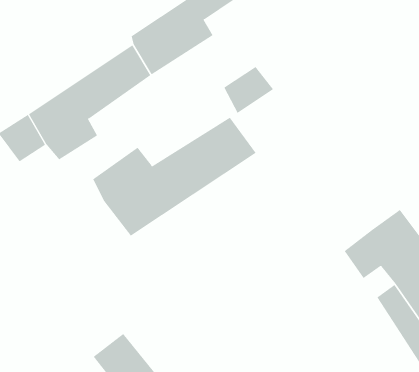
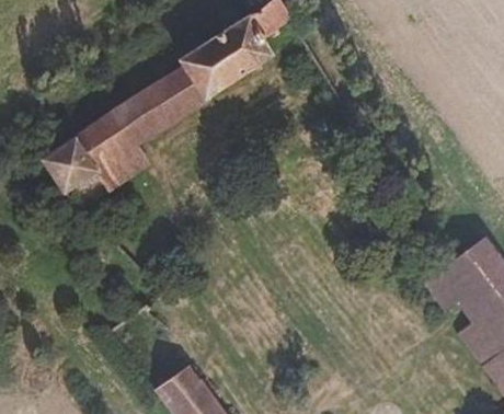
building: [224,66,274,114] -> none
building: [92,117,256,237] -> none

